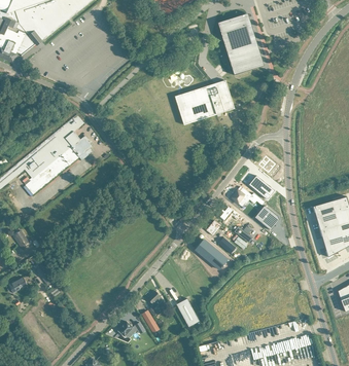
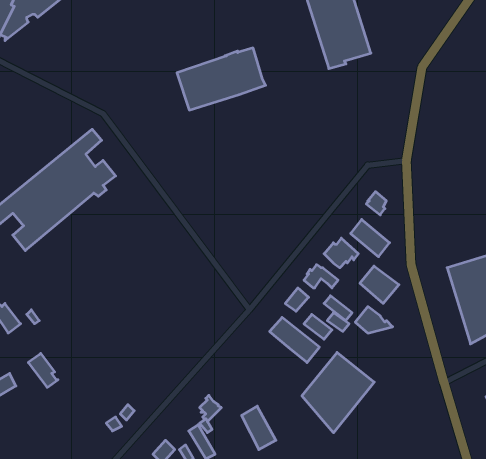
building: [175,82,234,123] -> [177,48,266,110]
building: none -> [302,352,374,433]

